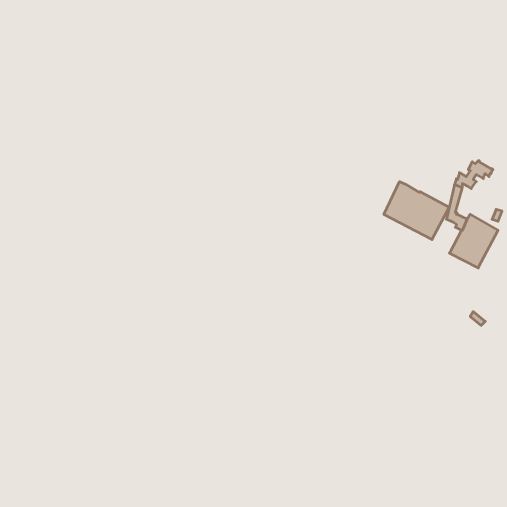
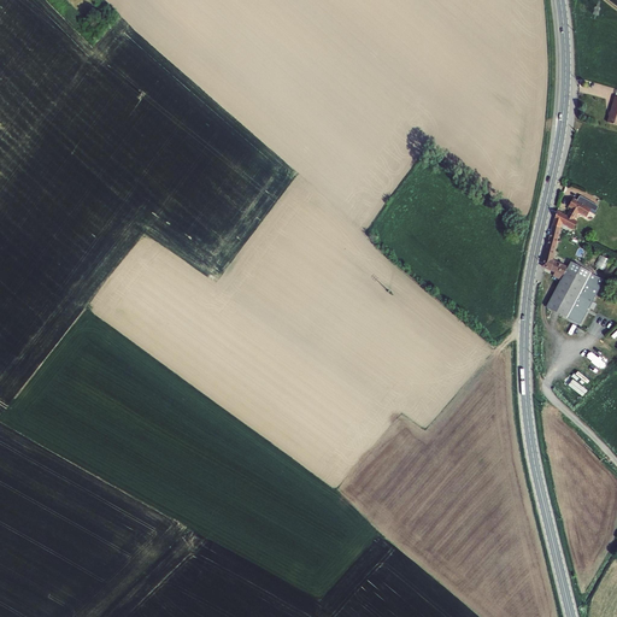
building: [384,182,449,240] -> none

